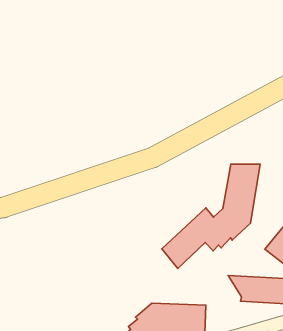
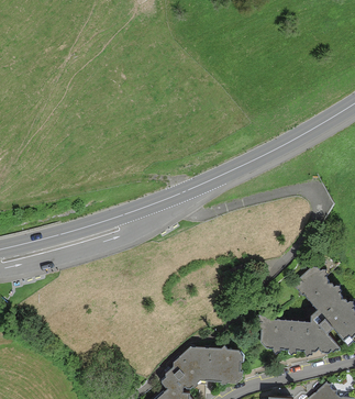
building: [162,164,260,268] -> none

